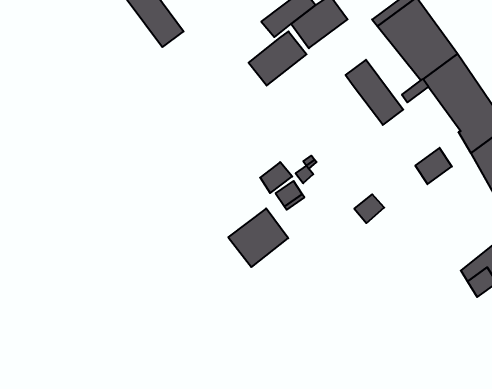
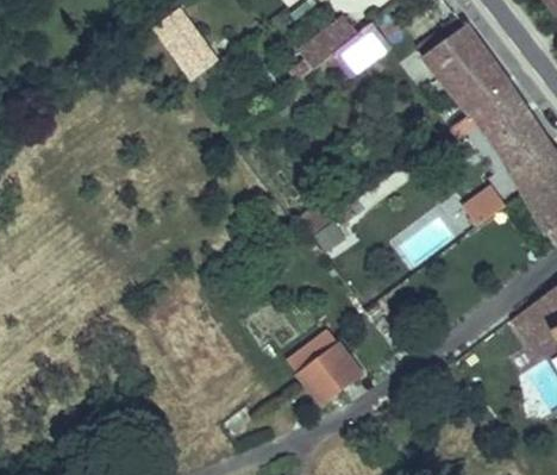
building: [249,31,307,86] -> none
building: [346,60,403,125] -> none
building: [228,208,288,267] -> [298,342,362,405]

